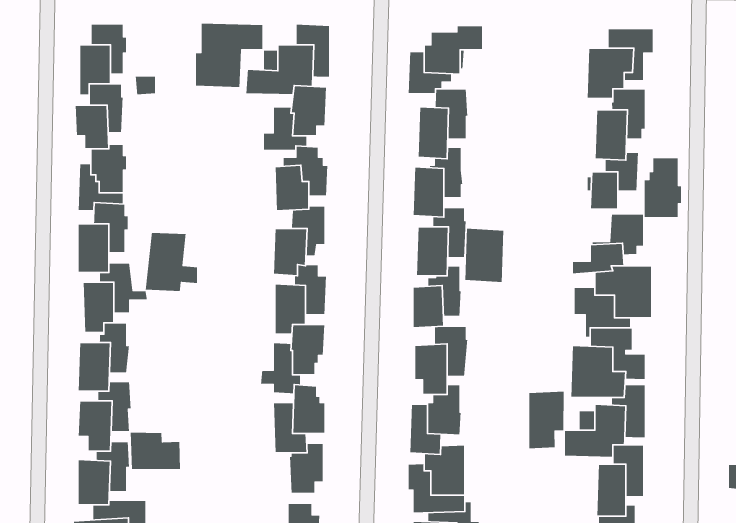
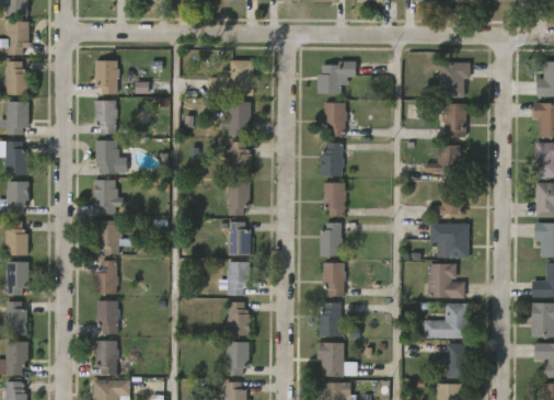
building: [195,23,263,88] -> none
building: [644,157,682,218] -> none
building: [464,228,504,283] -> none
building: [145,232,198,292] -> none
building: [529,391,565,449] -> none
building: [130,432,181,470] -> none

